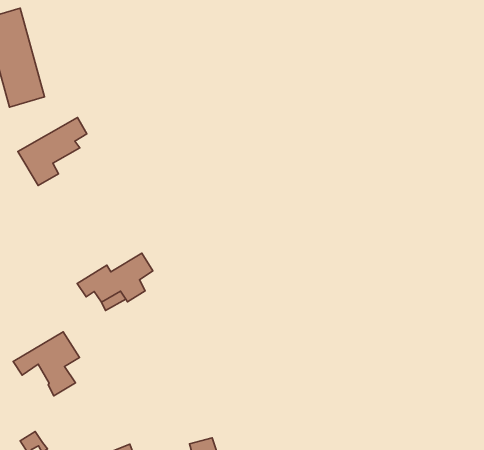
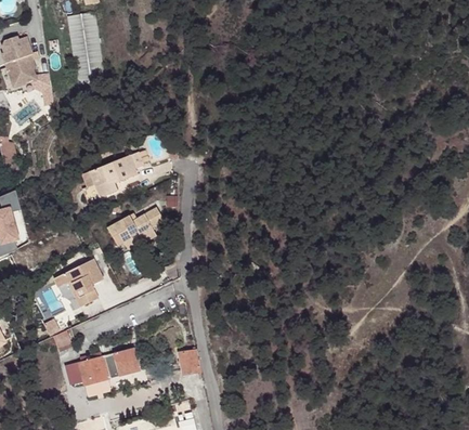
building: [18,118,87,185] -> [88,154,141,200]

